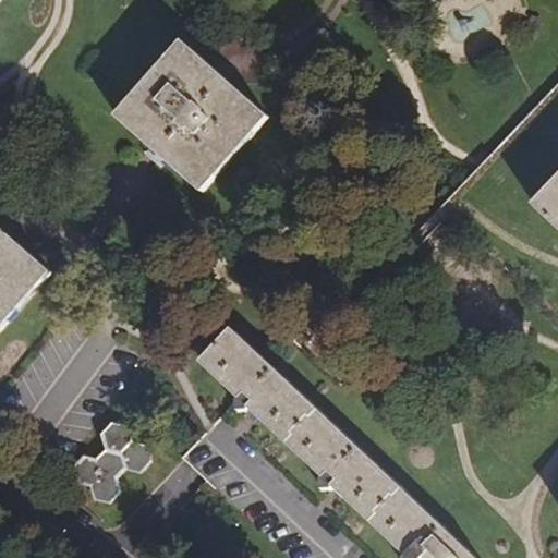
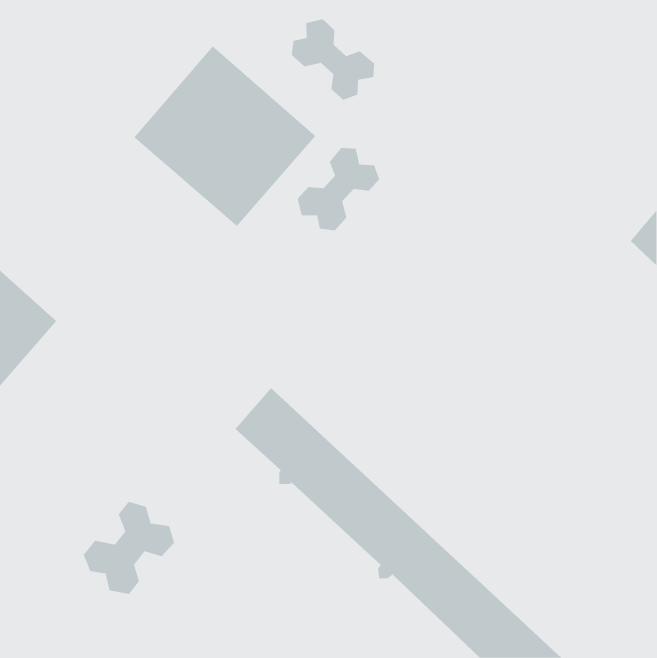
building: none -> [291,19,374,100]
building: none -> [297,147,380,231]

